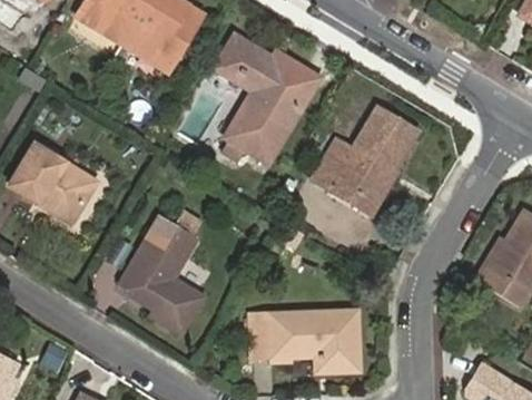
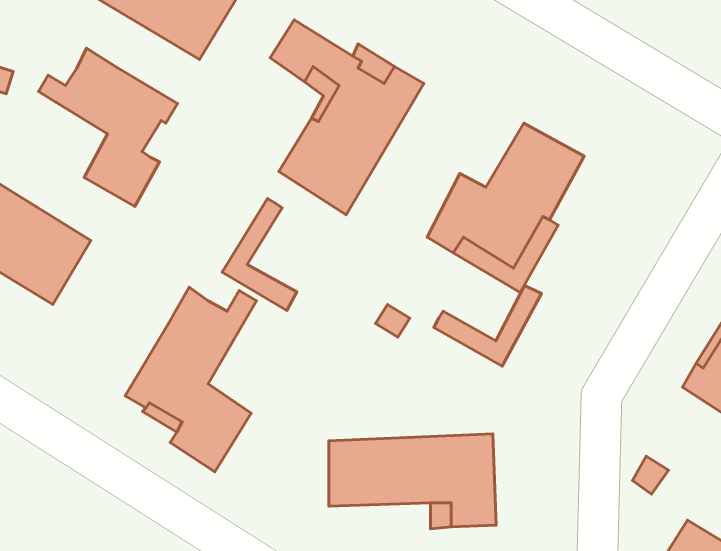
building: none -> [38,48,178,207]
building: none -> [222,199,297,310]
building: none -> [434,285,542,366]

